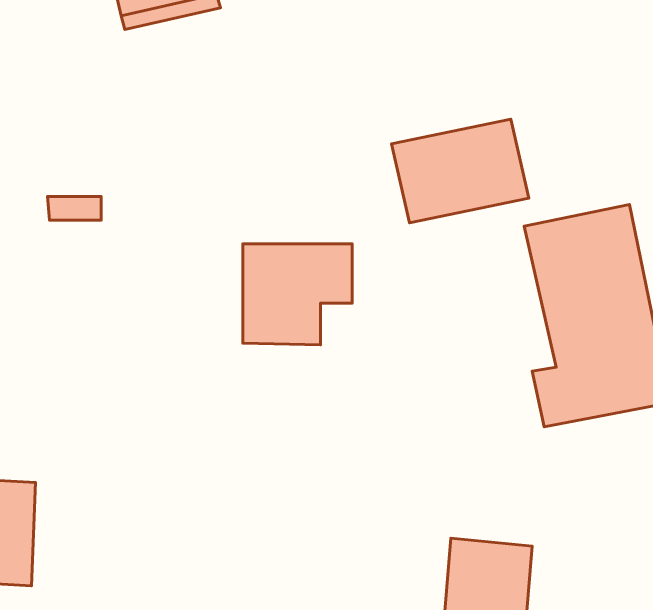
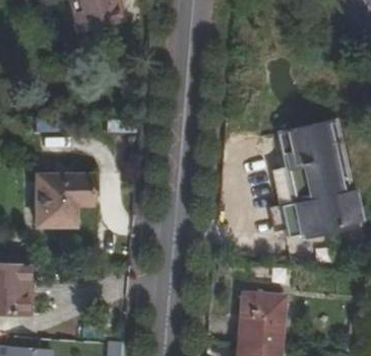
building: [391,119,529,223] -> none
building: [243,244,352,345] -> [37,175,92,227]

